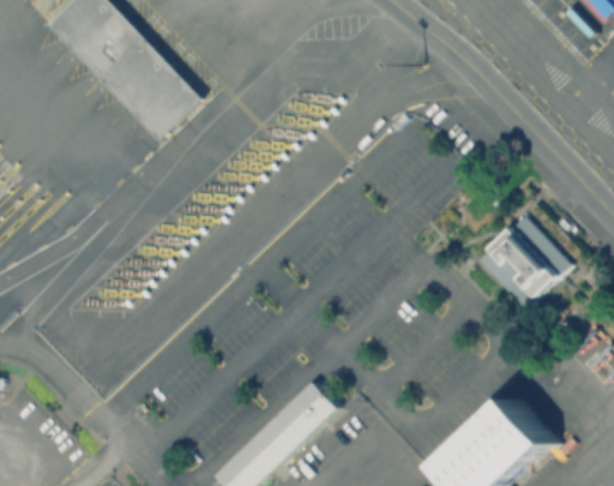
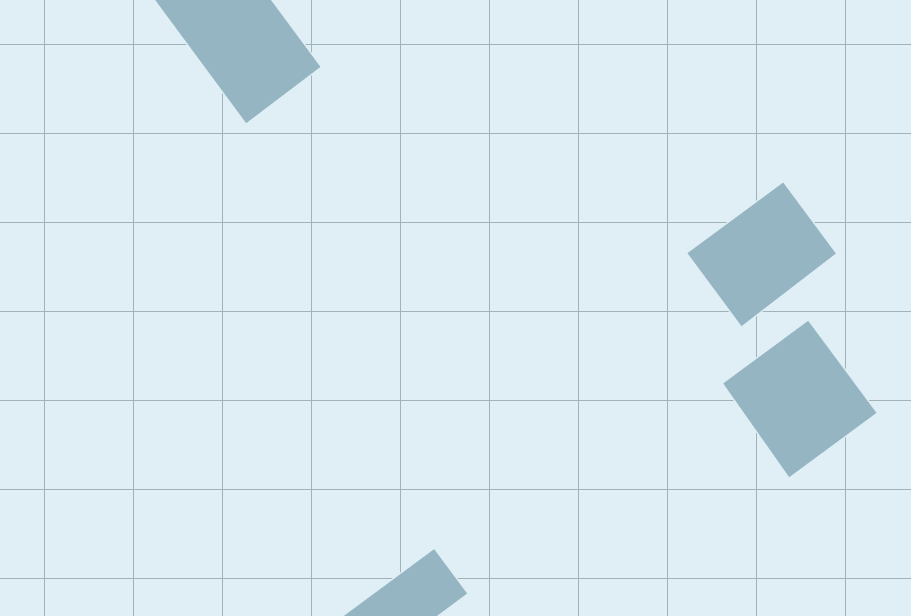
building: none -> [686,182,837,327]

